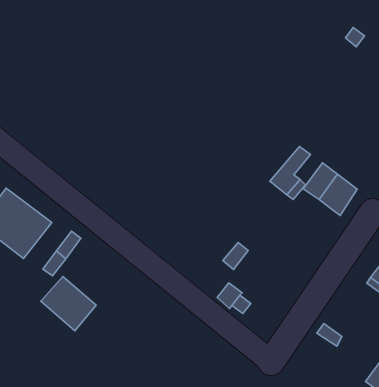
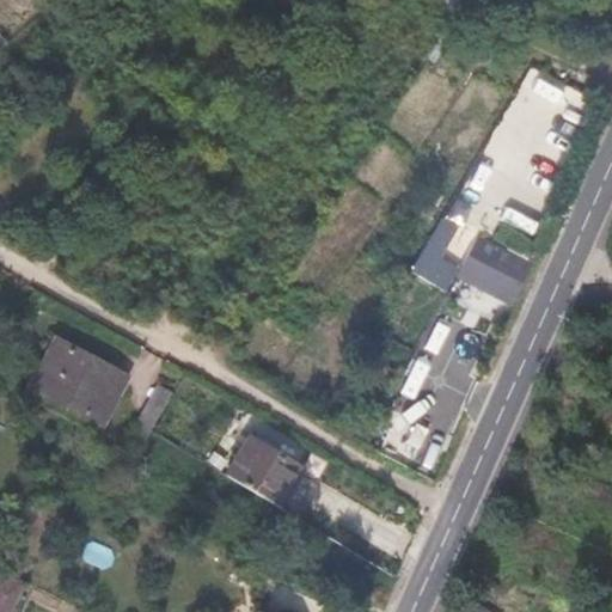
building: [41,276,96,331] -> [230,433,305,503]

